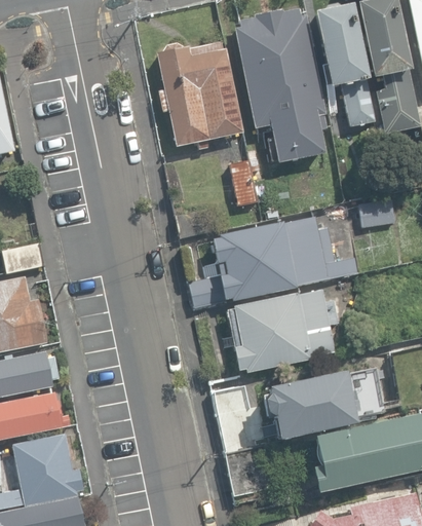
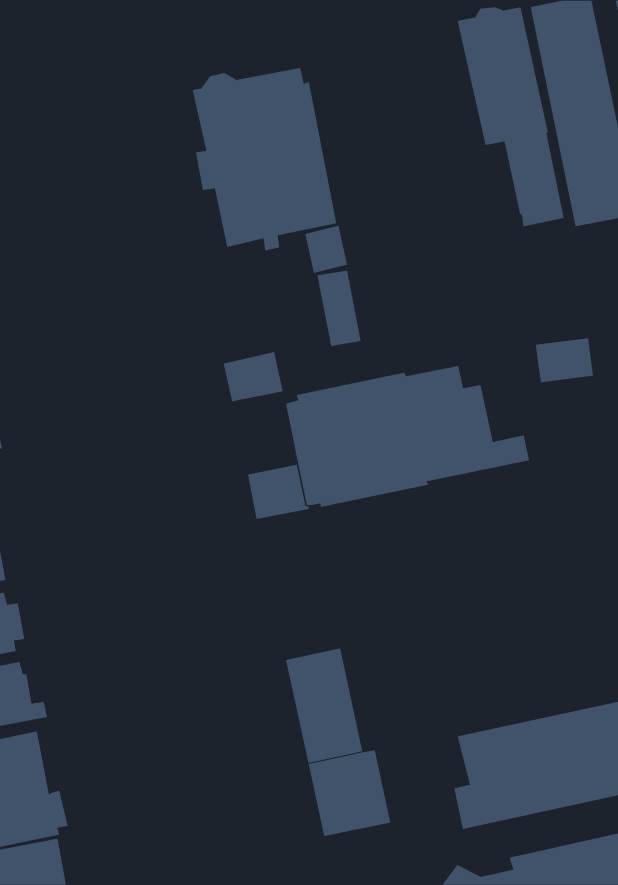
building: [234,9,327,163] -> none
building: [227,290,338,373] -> none
building: [263,370,385,440] -> none

